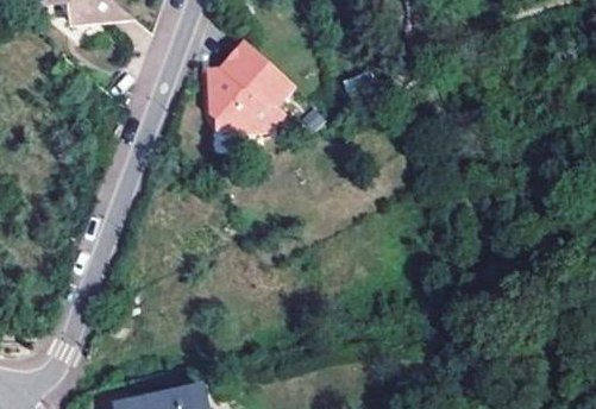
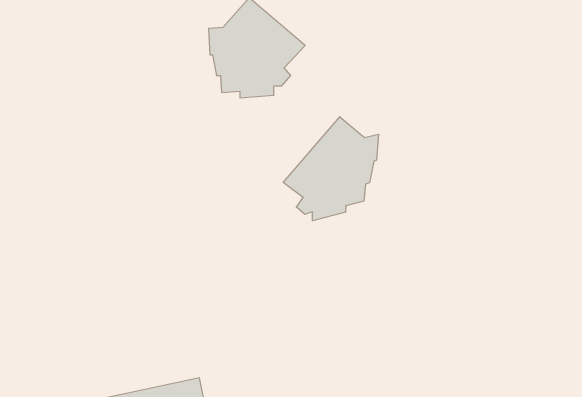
building: none -> [283,117,379,221]

